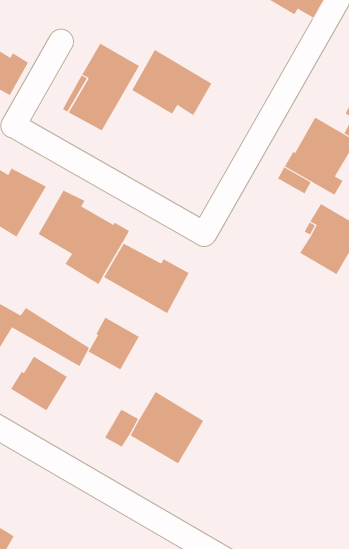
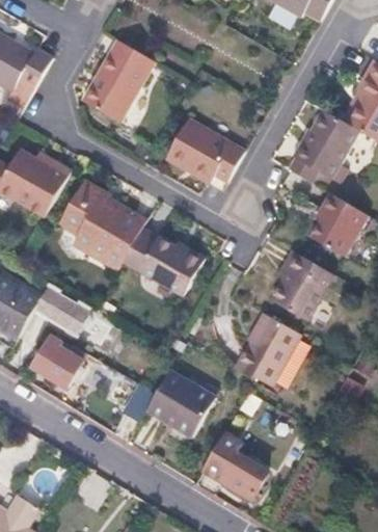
building: [131,49,212,116] -> [167,118,243,181]
building: none -> [269,250,332,322]
building: [88,317,139,370] -> none
building: none -> [234,314,299,384]
building: none -> [207,446,268,498]

